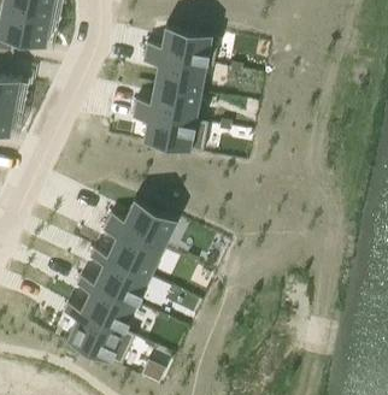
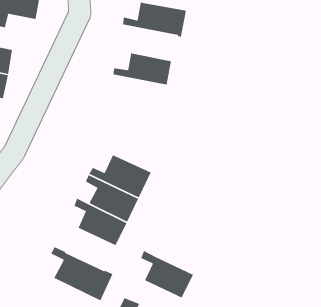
building: [142,52,207,93] -> none
building: [131,108,207,152] -> none
building: [76,276,137,331] -> [140,250,194,299]

